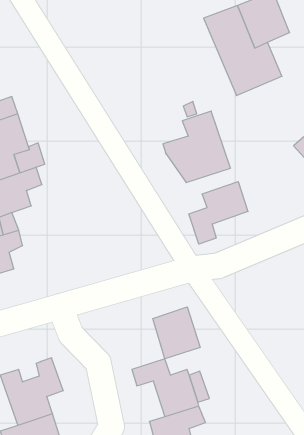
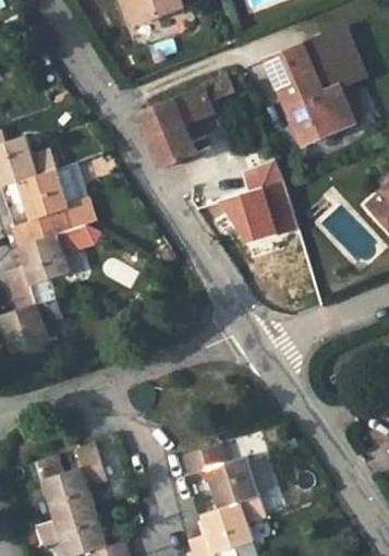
building: none -> [138,74,234,167]
building: [189,182,248,244] -> none
building: [153,307,200,359] -> none

